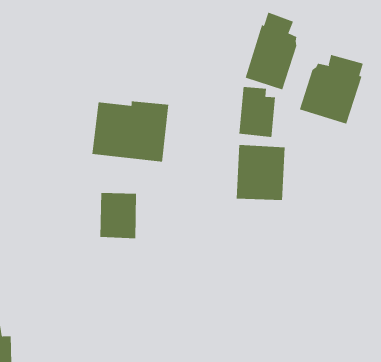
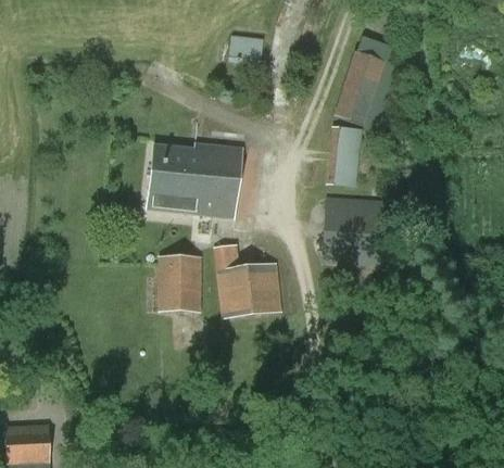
building: none -> [230,35,265,64]
building: [299,54,364,125] -> none
building: none -> [214,245,284,317]

